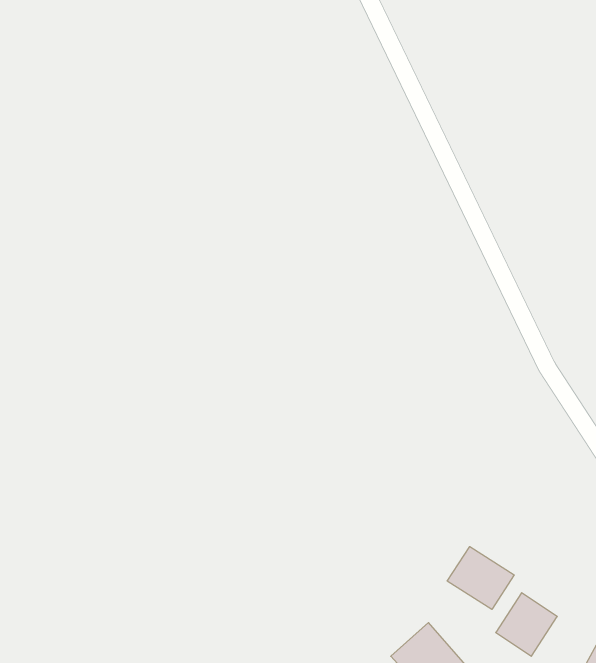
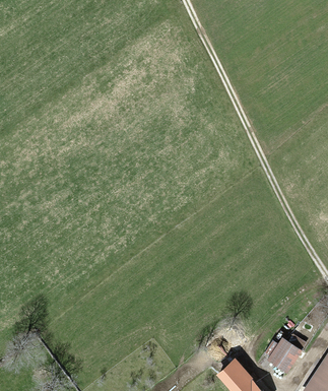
building: [447,547,514,609] -> none

